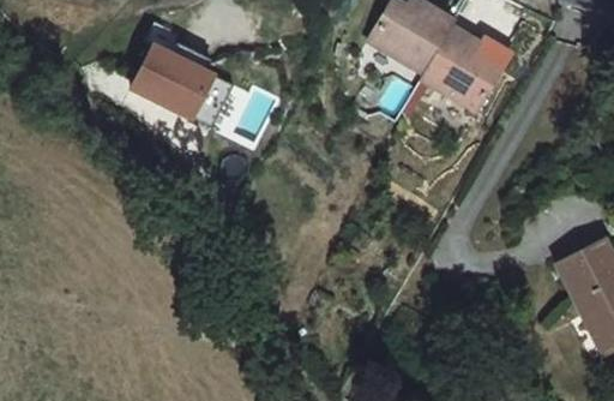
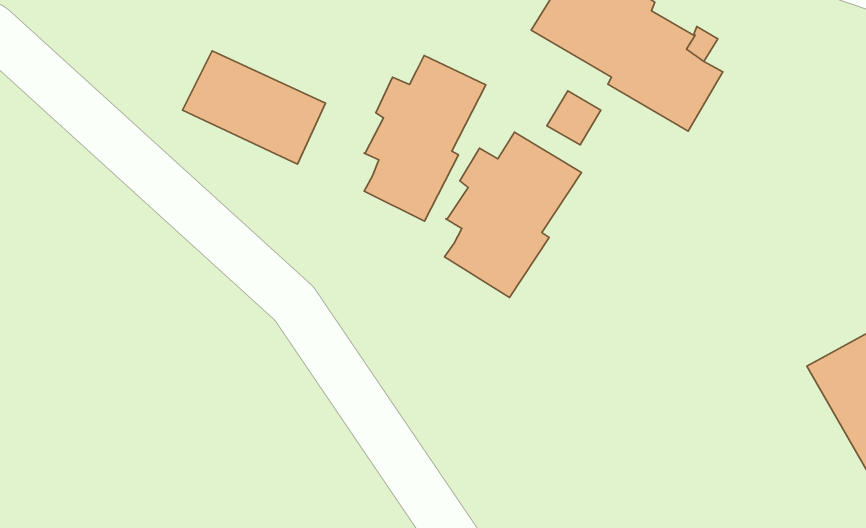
building: none -> [364,56,486,221]
building: none -> [444,132,581,298]

